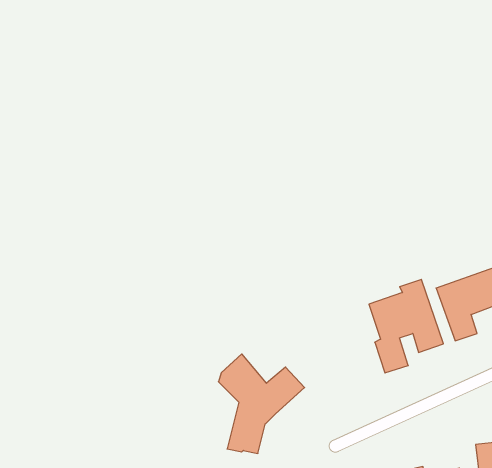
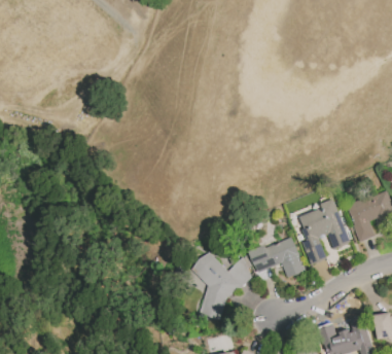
building: none -> [250,237,305,278]

